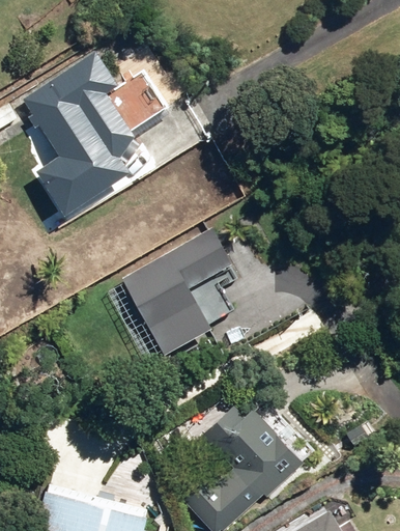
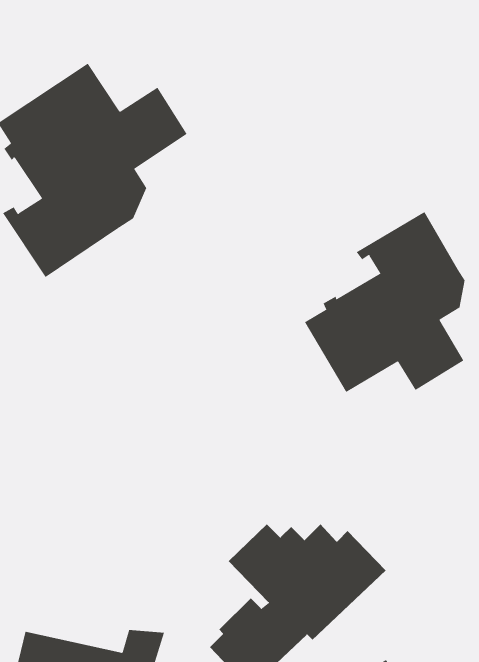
building: none -> [304,211,465,393]
building: [117,229,234,359] -> none

